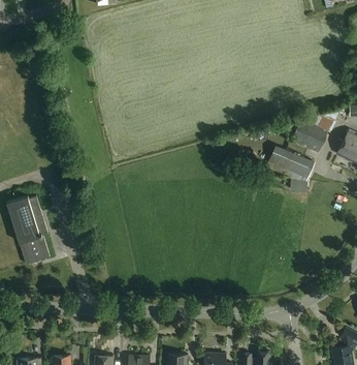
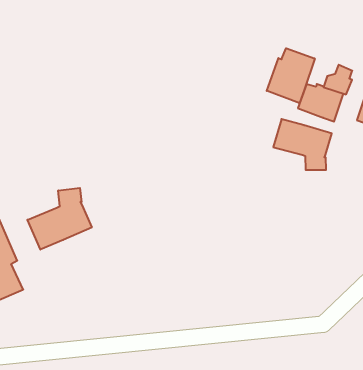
building: none -> [267,48,315,103]
building: none -> [27,188,92,250]

